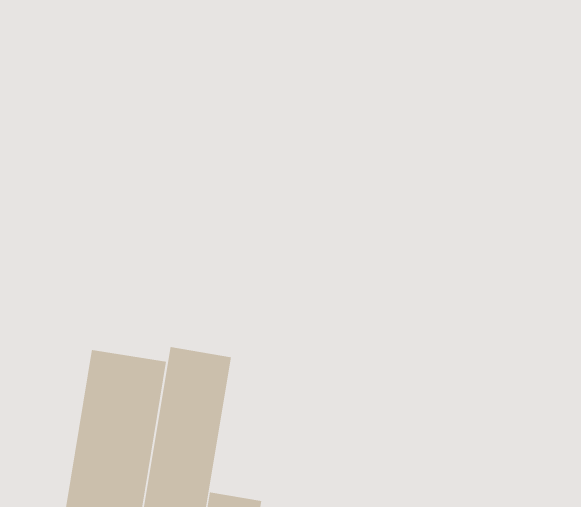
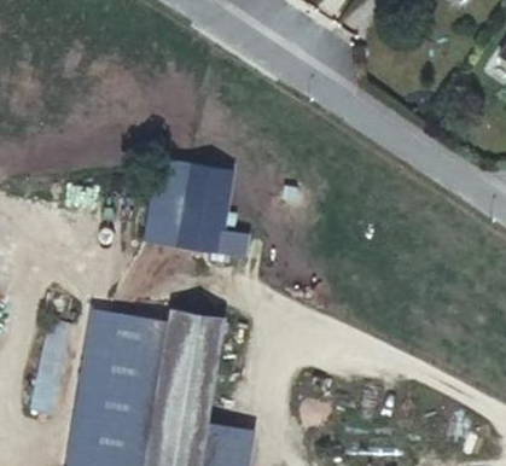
building: none -> [145,157,229,273]

